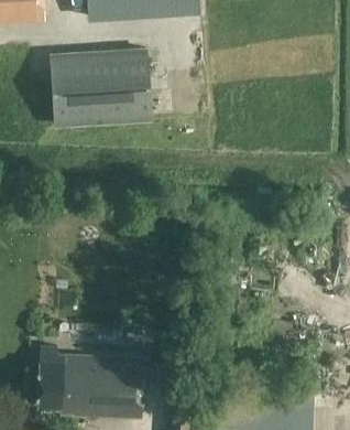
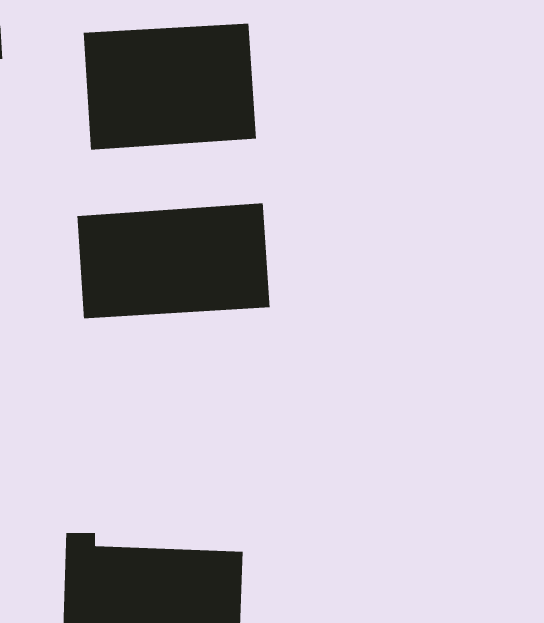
building: none -> [77,202,270,319]

